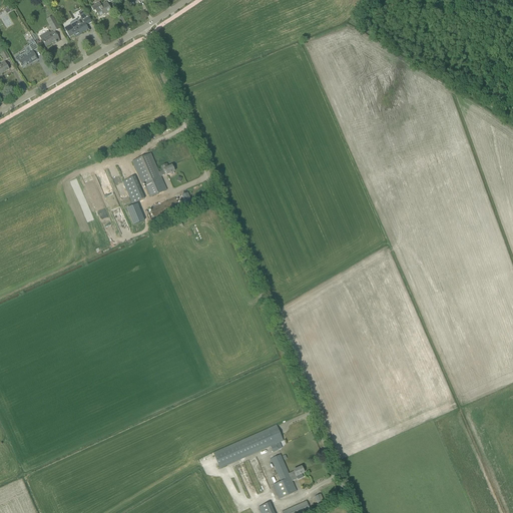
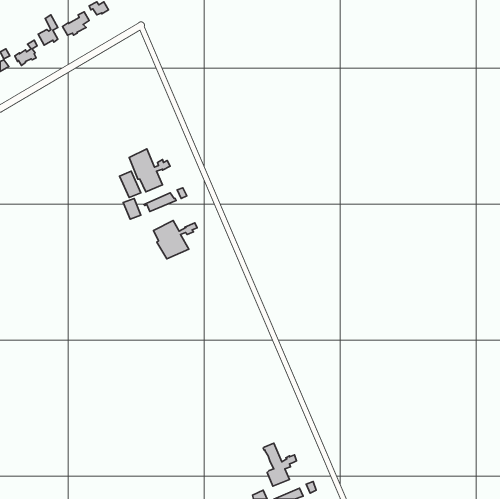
building: none -> [153,221,197,259]
building: [213,425,283,468] -> none

